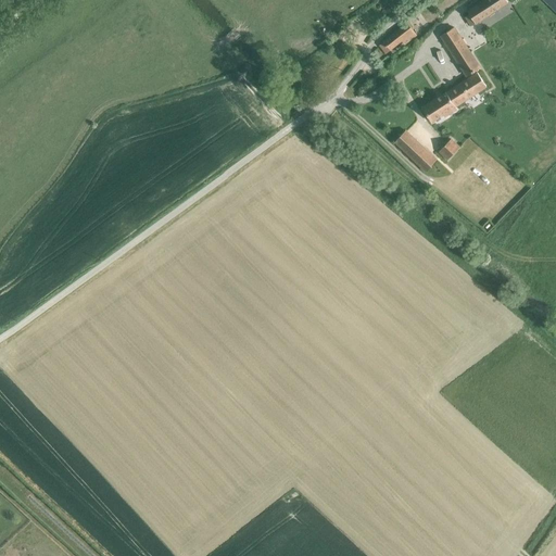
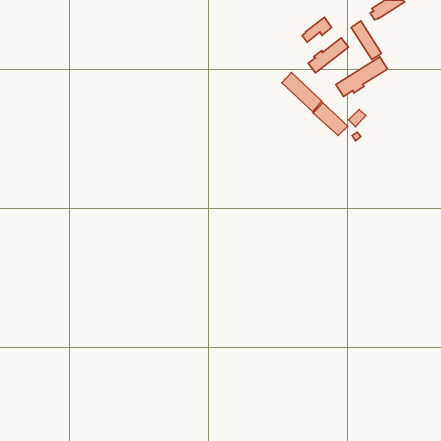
building: none -> [308,38,348,73]
building: none -> [282,72,322,112]

